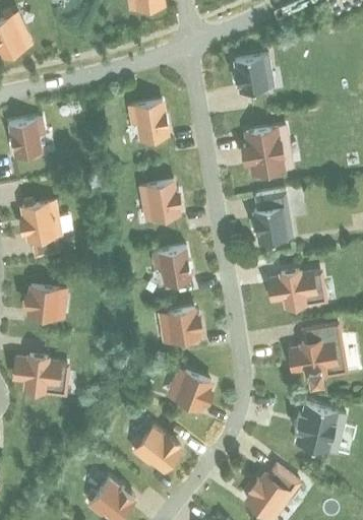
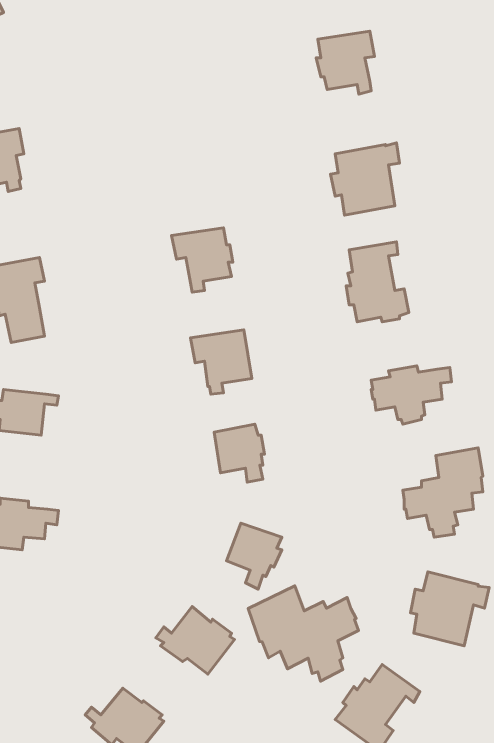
building: [129,103,167,145] -> none
building: none -> [248,586,358,681]

